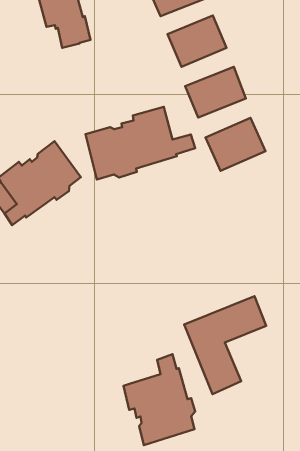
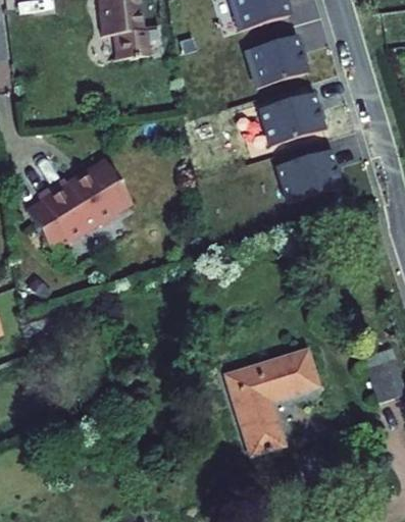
building: [85,107,195,179] -> none
building: [123,354,195,445] -> none

